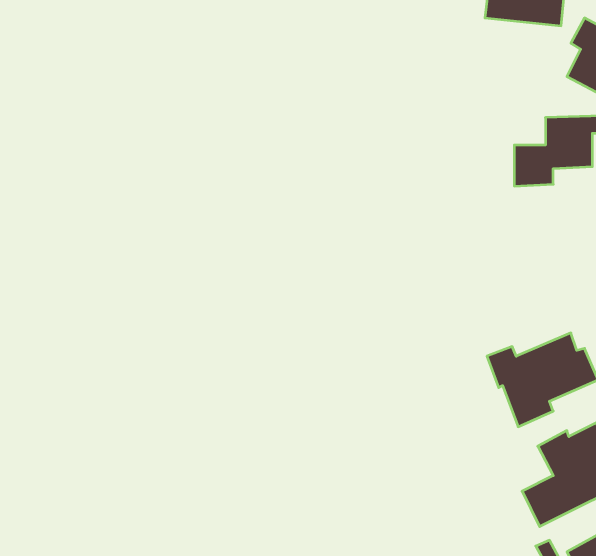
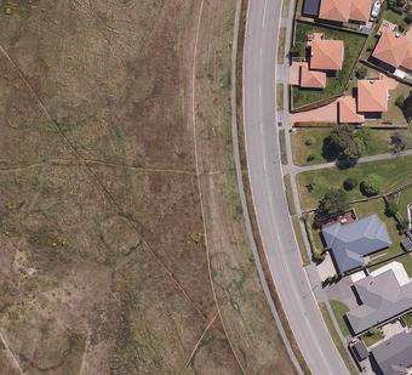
building: none -> [291,35,344,86]

